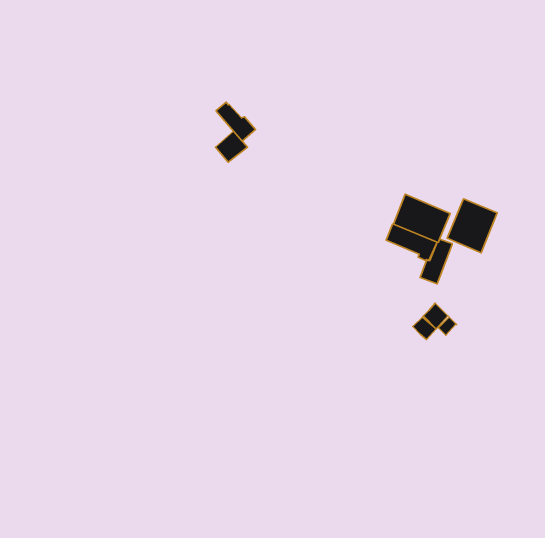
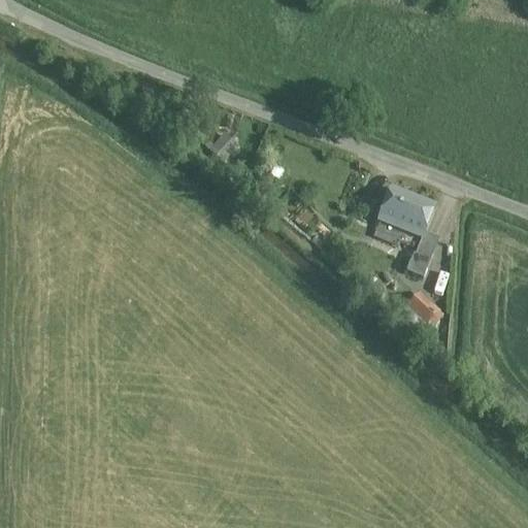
building: [216,102,256,141] -> none
building: [447,199,497,253] -> none

